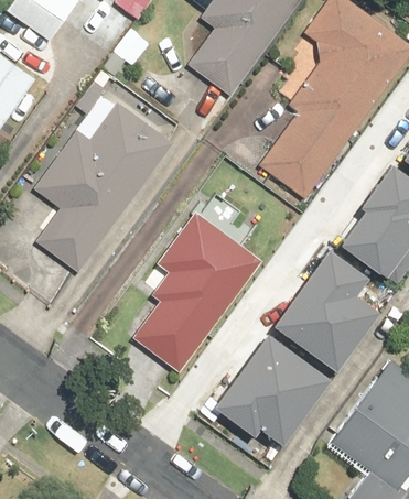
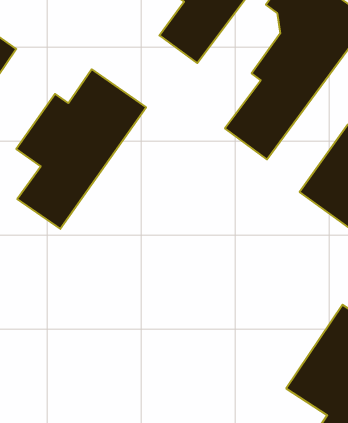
building: [131,213,260,372] -> none
building: [277,243,381,359] -> none
building: [216,327,329,433] -> none

